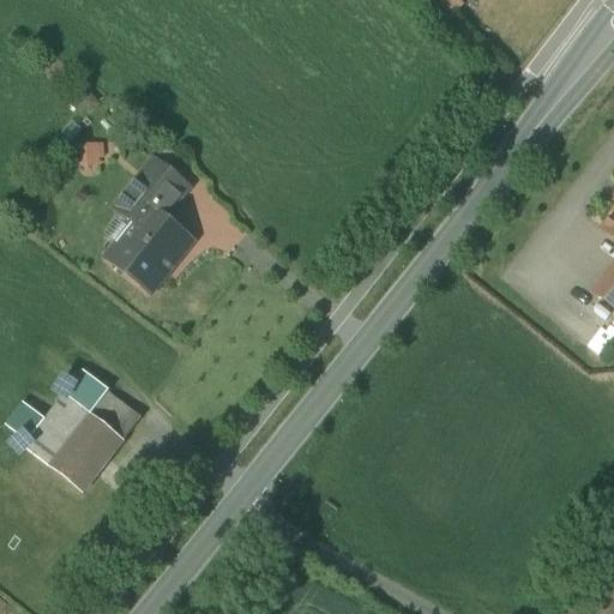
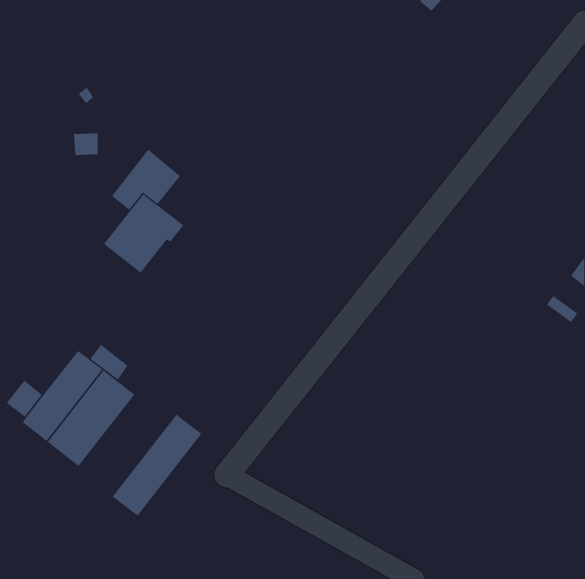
building: none -> [89,344,128,380]
building: none -> [112,414,202,517]

